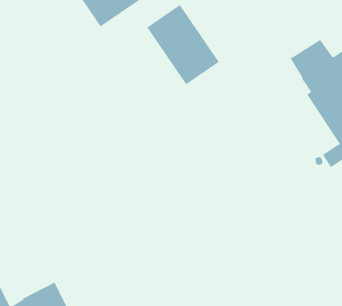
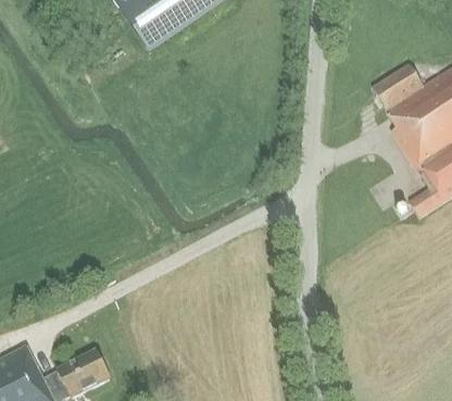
building: [147,4,219,85] -> none

